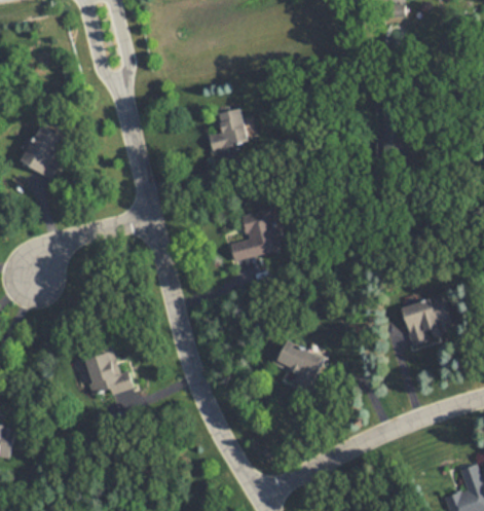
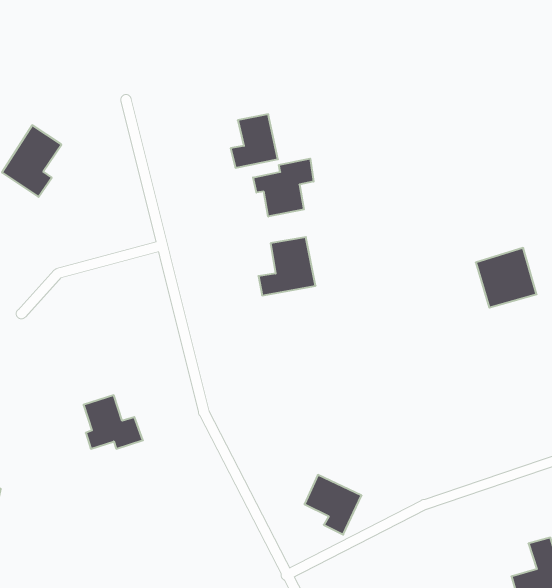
building: none -> [253,159,314,217]
building: [400,297,451,348] -> [476,248,537,308]
building: [274,341,323,392] -> [304,475,362,535]

